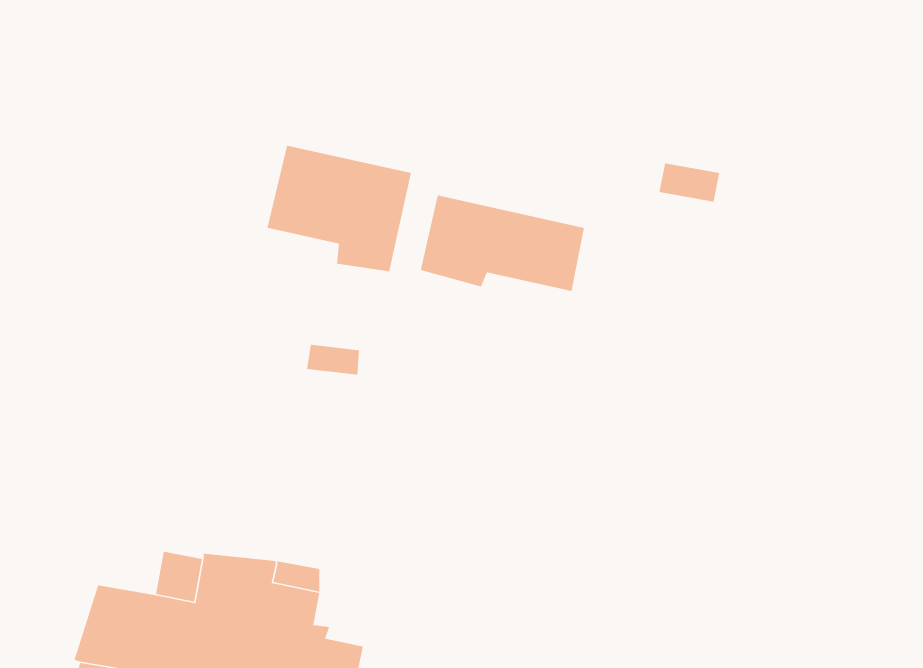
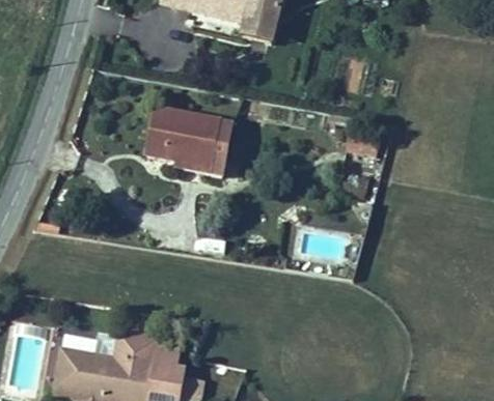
building: [420,195,585,292] -> none

